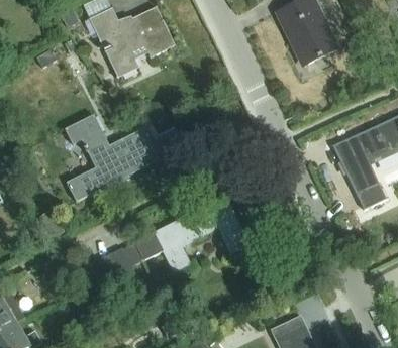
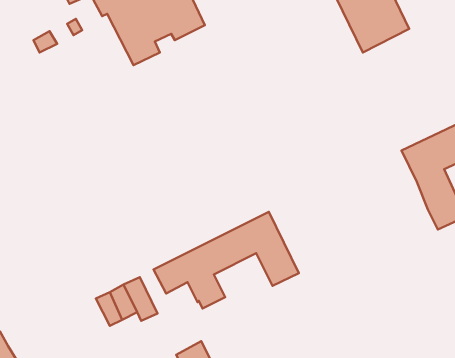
building: [64,114,161,203] -> none

